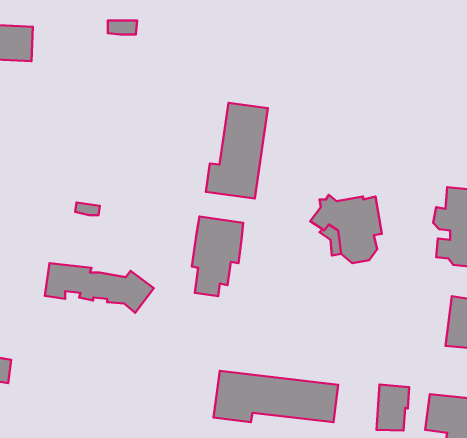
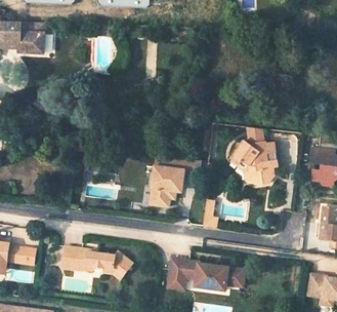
building: [206,103,268,198] -> none
building: [45,263,154,313] -> [60,245,132,278]
building: [376,384,409,431] -> none

